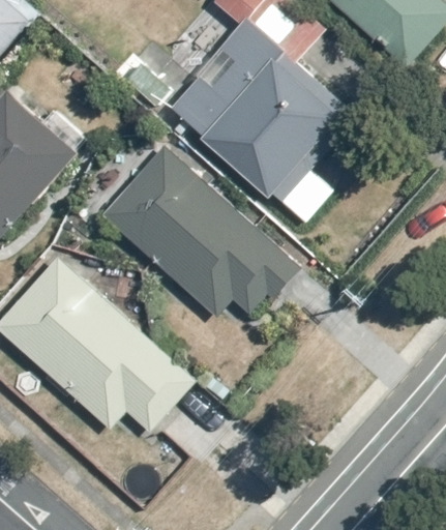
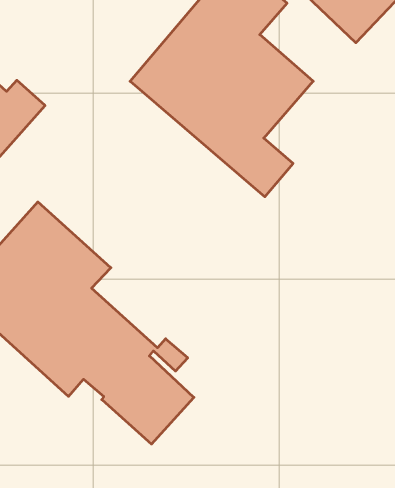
building: [101,145,298,319] -> none

